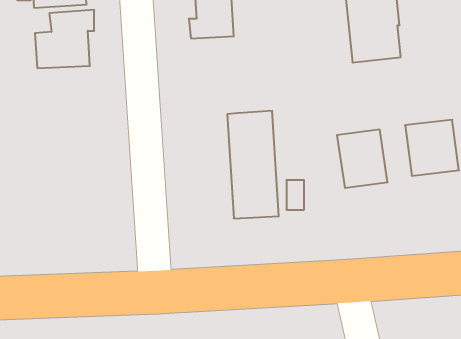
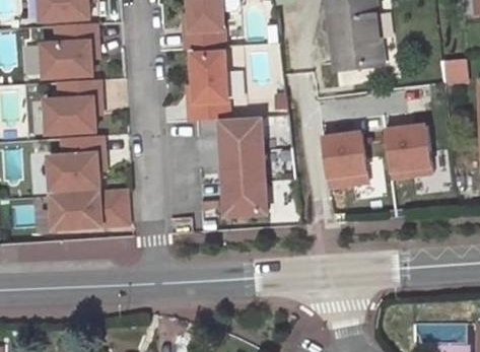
building: none -> [189,52,229,121]
building: none -> [45,79,100,133]
building: none -> [48,135,104,189]
building: none -> [50,191,127,228]

